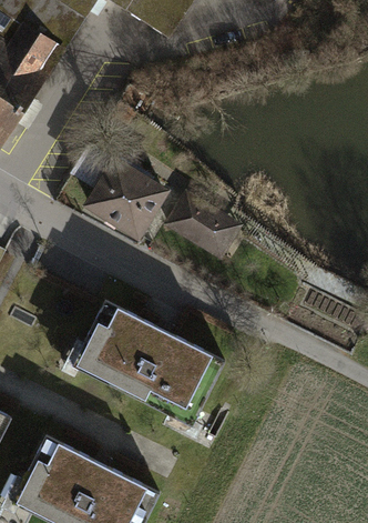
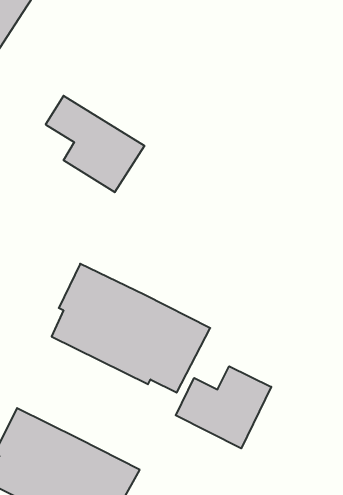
building: [164,202,235,254] -> none
building: none -> [176,366,271,448]

